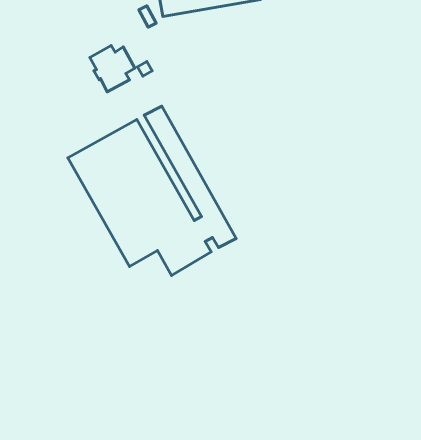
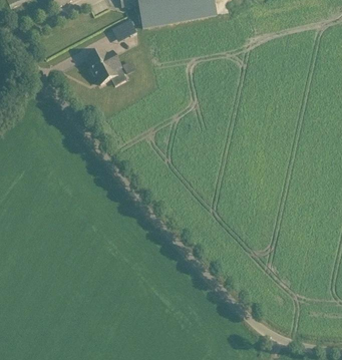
building: [68,106,236,276] -> none

